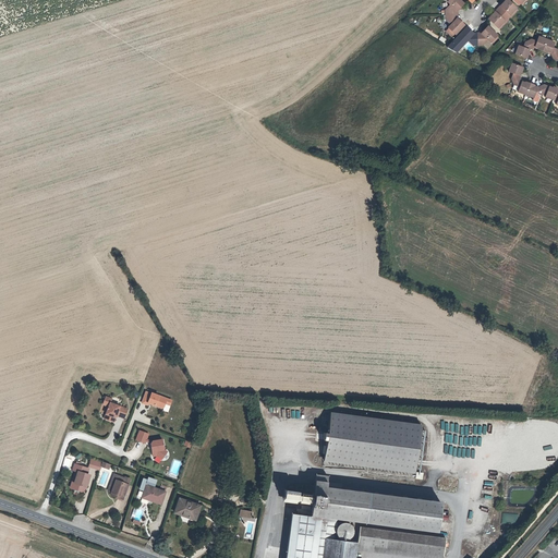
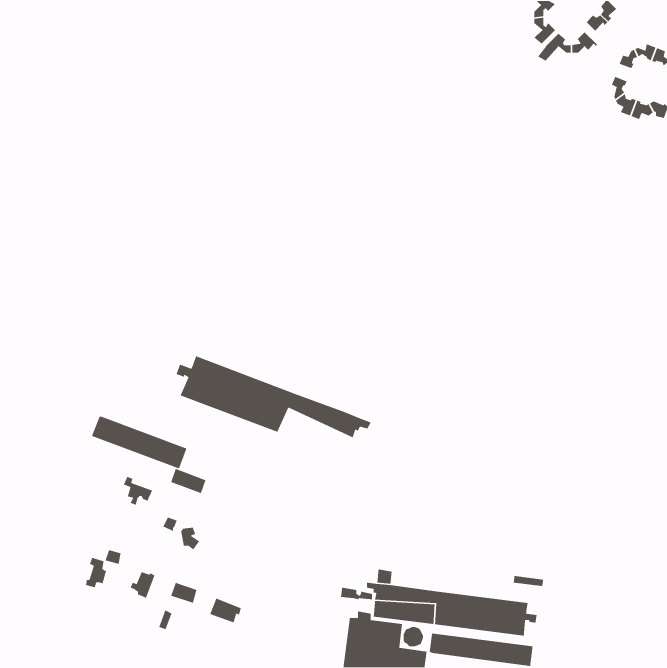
building: none -> [175,355,372,439]
building: none -> [91,416,188,470]
building: [324,413,422,473] -> none

